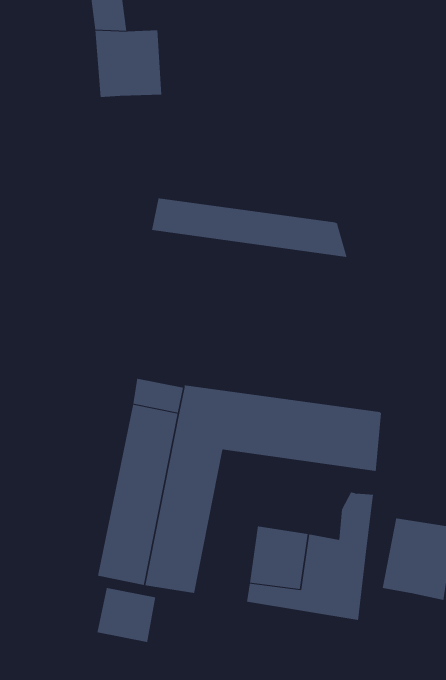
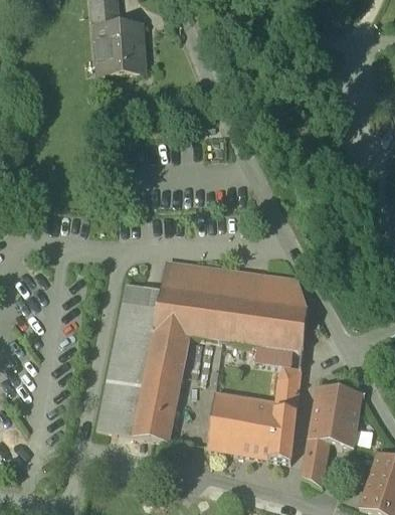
building: [151,198,348,257] -> [161,262,307,306]
building: none -> [253,345,290,366]
building: [97,587,156,643] -> none
building: none -> [302,437,330,484]

